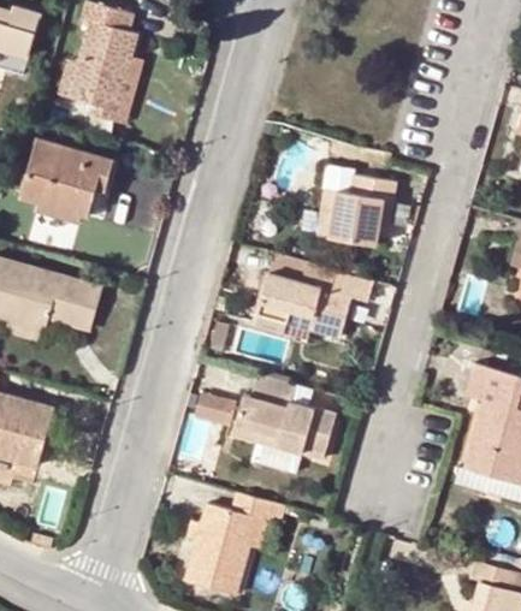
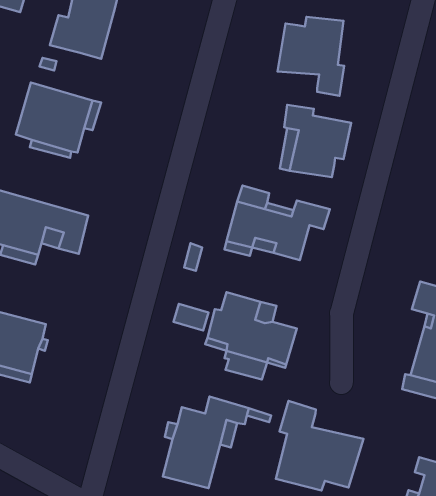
building: [87,58,142,125] -> none
building: none -> [277,17,344,96]
building: none -> [276,401,364,490]

